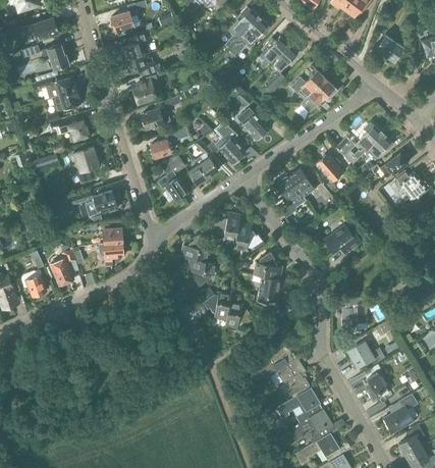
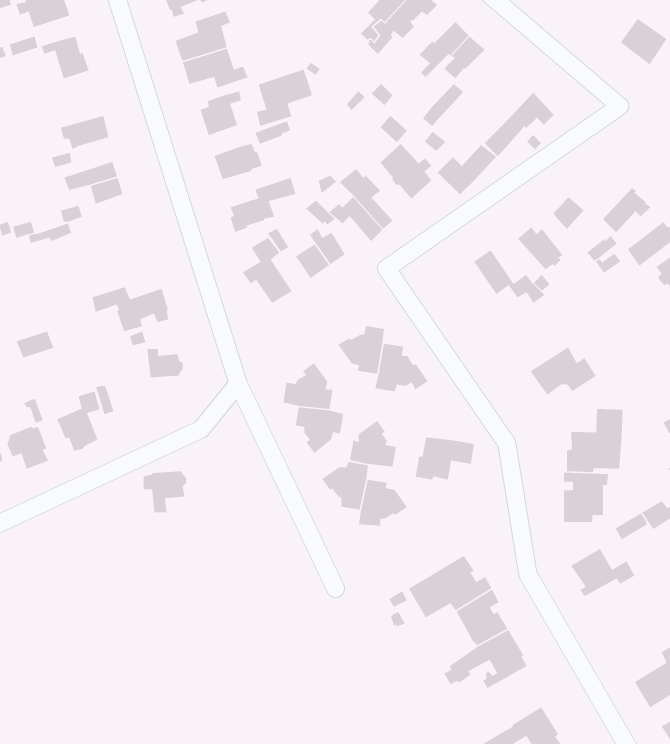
building: none -> [256,69,313,127]
building: [290,70,325,100] -> [437,144,497,195]
building: [32,76,77,99] -> none
building: [352,121,382,159] -> none
building: [73,146,99,183] -> none
building: [277,175,306,218] -> none
building: [99,242,124,266] -> [143,471,187,513]
building: [254,251,281,278] -> [349,420,397,468]
building: none -> [566,408,624,473]
building: [363,364,393,403] -> none
building: [288,408,334,443] -> none

